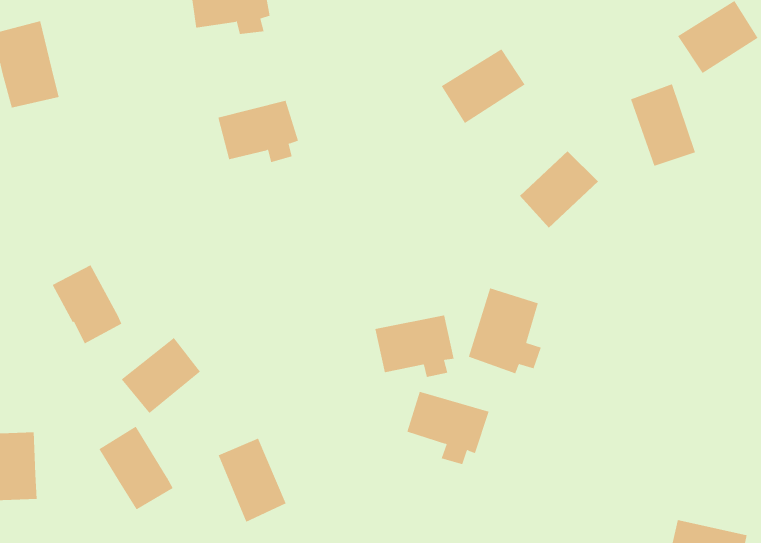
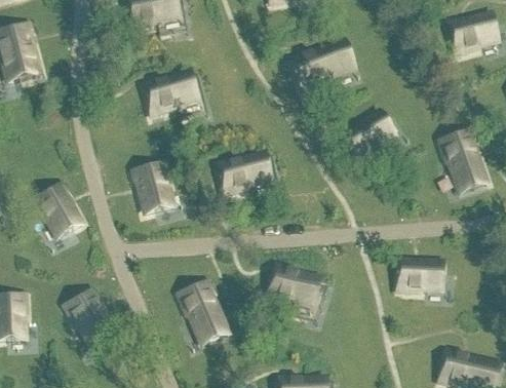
building: [630,84,696,167] -> [441,128,484,183]
building: [468,287,541,374] -> none
building: [375,315,454,377] -> [219,155,271,196]
building: [121,337,201,414] -> [127,165,180,216]
building: none -> [398,259,443,289]
building: [218,438,287,522] -> [181,280,226,336]

